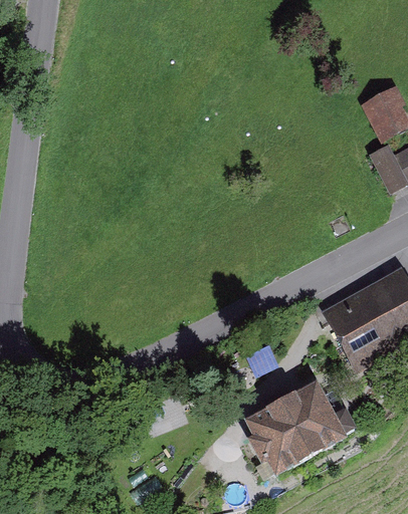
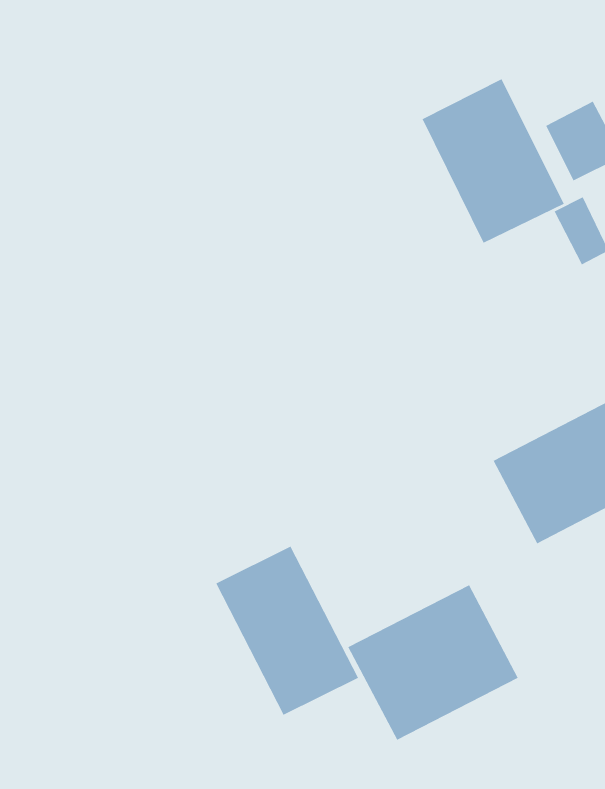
building: none -> [422,78,565,244]
building: none -> [215,545,359,716]

